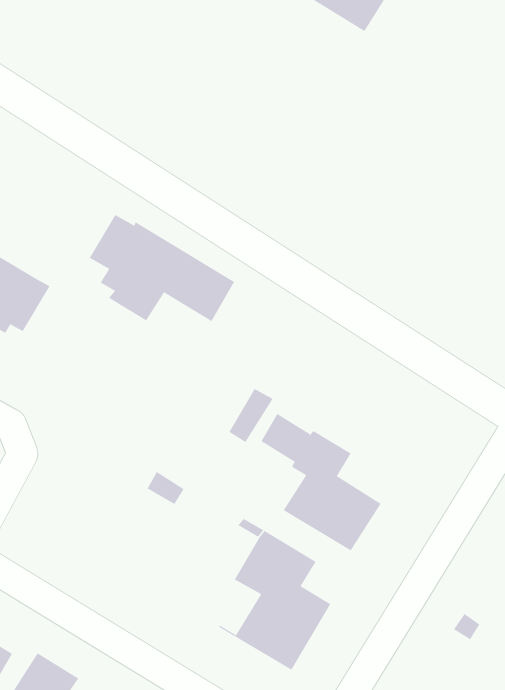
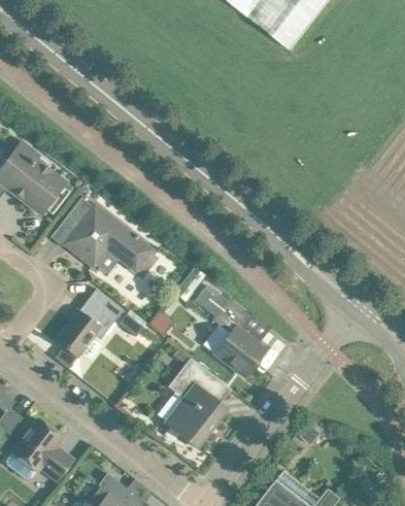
building: [89,214,235,322] -> [62,197,153,272]
building: none -> [56,289,124,358]

